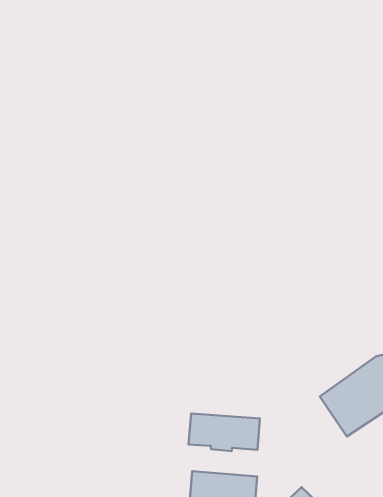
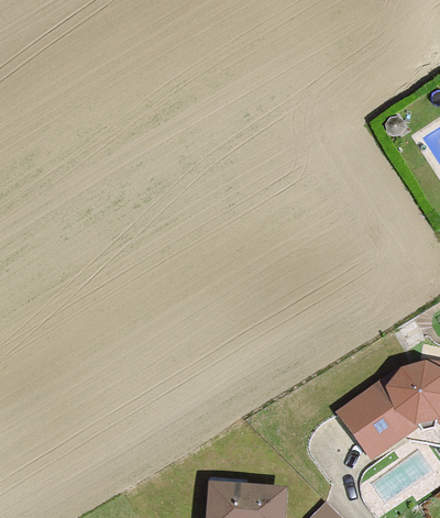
building: [189,413,260,451] -> none

